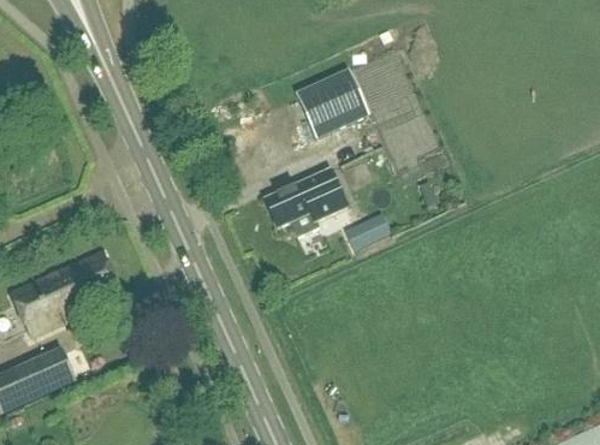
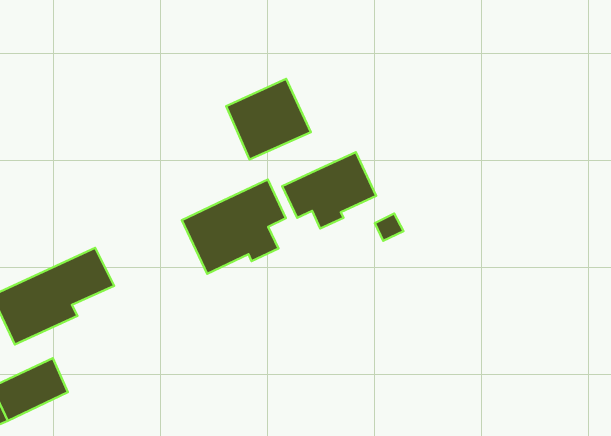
building: [295,66,369,137] -> [226,79,311,159]
building: none -> [182,179,286,274]

